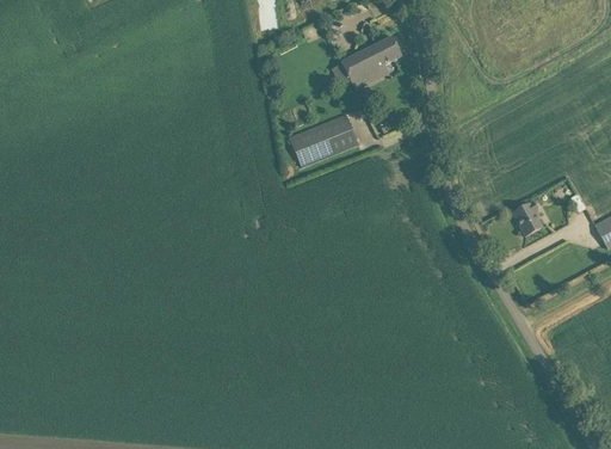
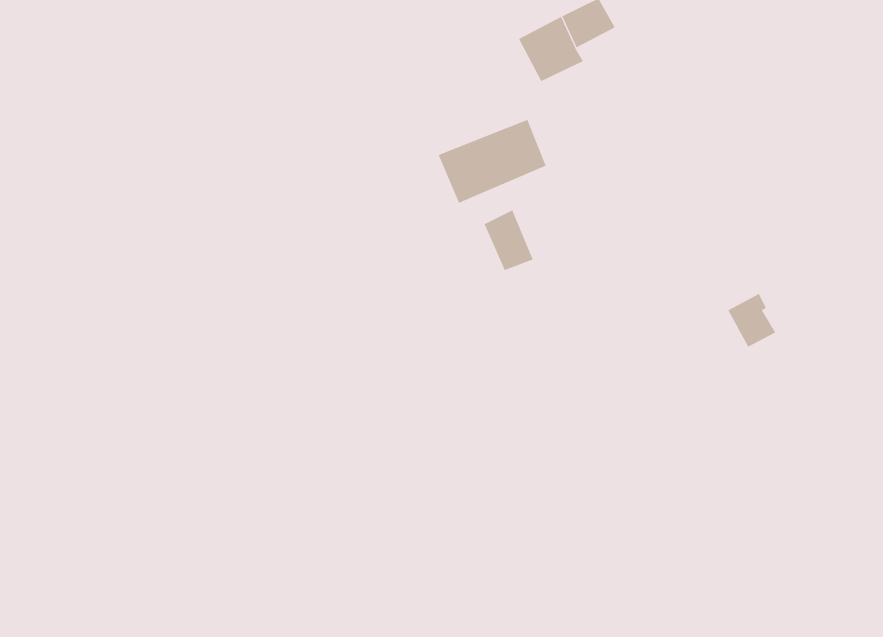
building: none -> [484,210,534,271]
building: [512,199,543,234] -> [727,293,776,347]

